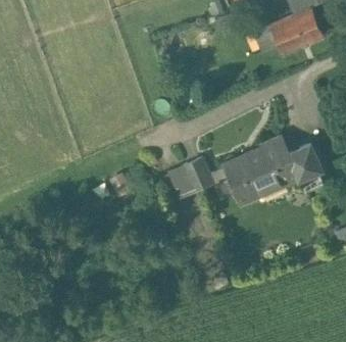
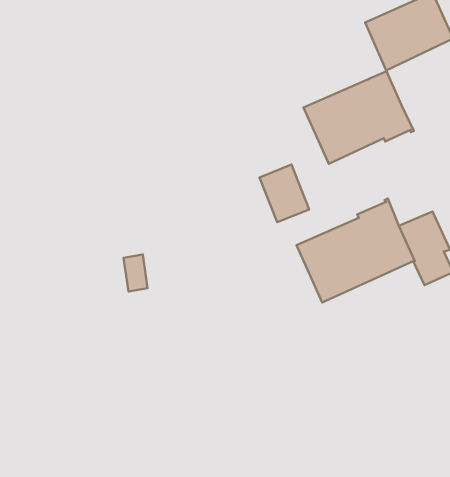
building: none -> [303,71,414,164]
building: [179,154,210,191] -> [259,165,309,222]

